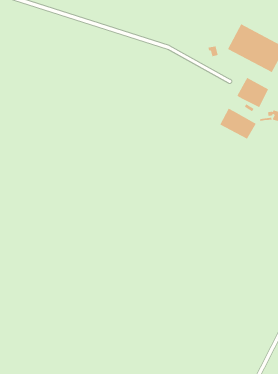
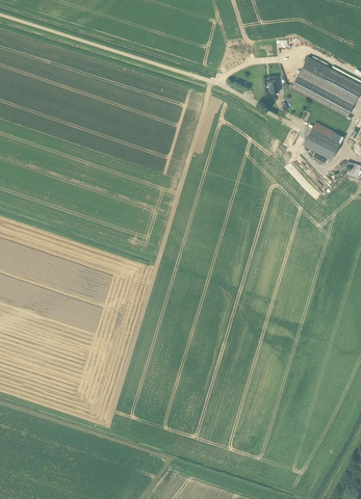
building: [220,108,257,140] -> none

